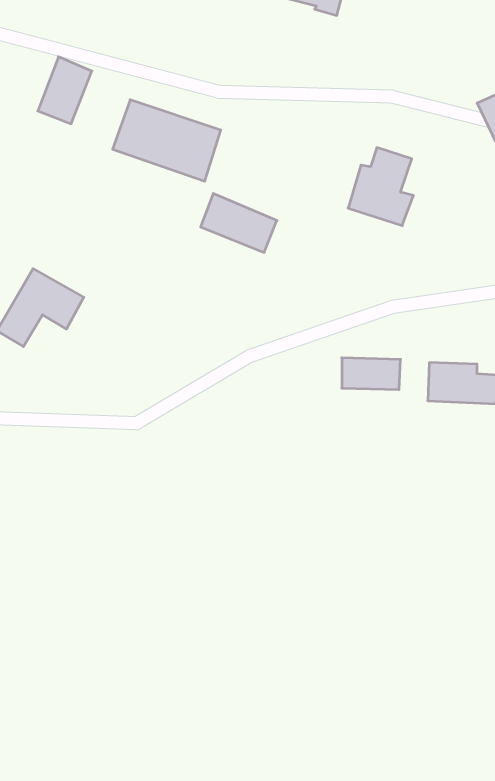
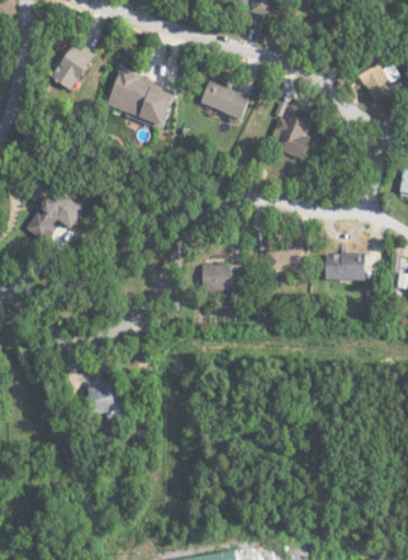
building: [201,193,277,252] -> [199,79,252,119]
building: none -> [201,264,243,290]
building: none -> [90,381,121,412]

